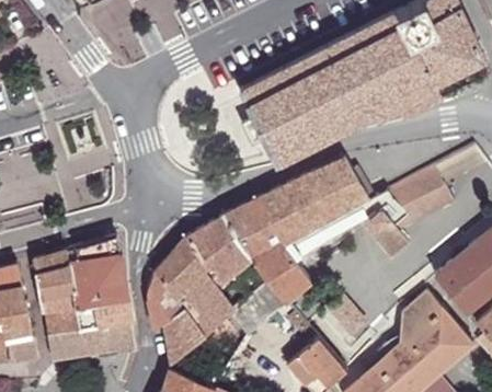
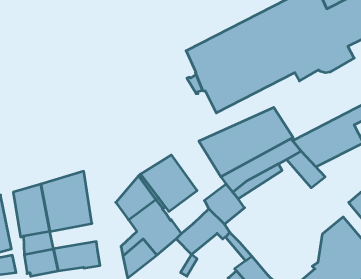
building: [222,200,288,272] -> none
building: [147,274,181,335] -> none
building: [77,299,133,330] -> none

